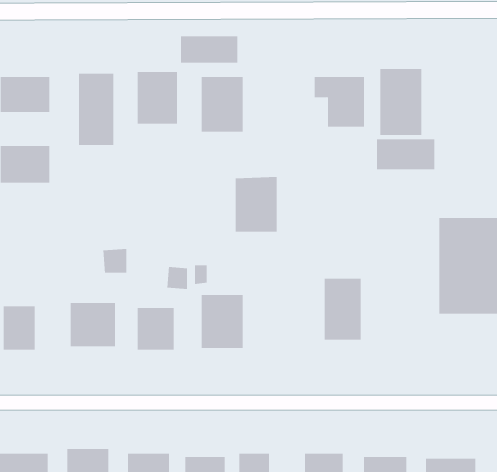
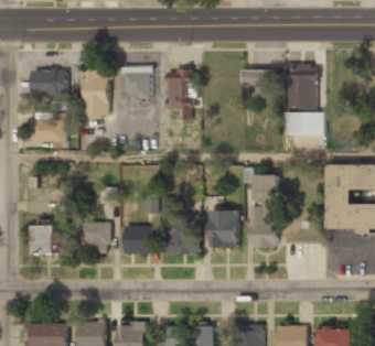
building: [181,36,238,64] -> none
building: [235,177,277,232] -> [208,209,237,247]
building: none -> [255,175,276,199]

